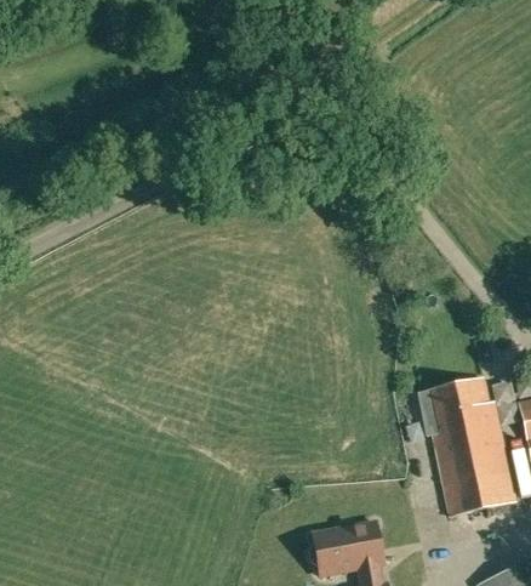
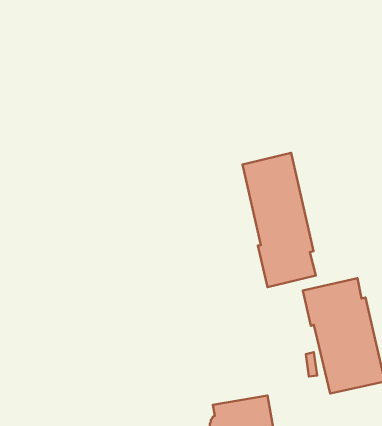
building: none -> [243,153,316,287]

